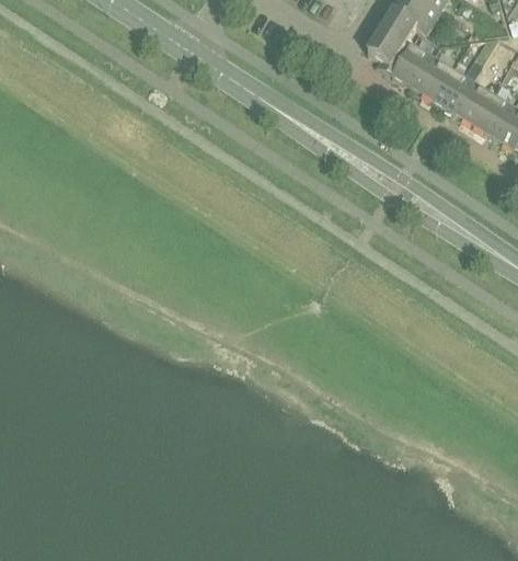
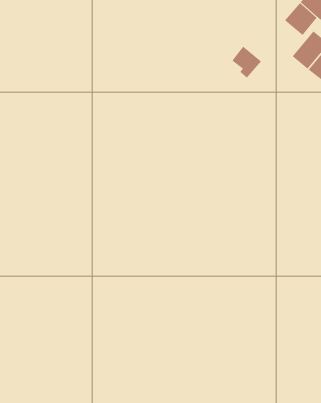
building: [364,33,399,70] -> [232,46,262,79]

